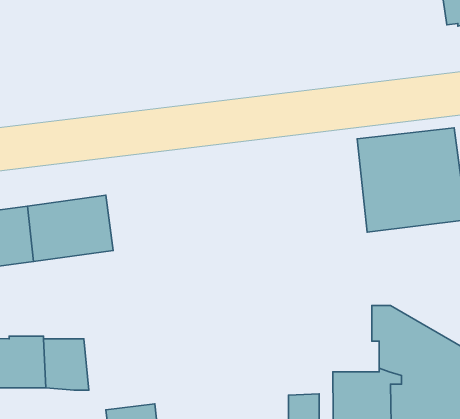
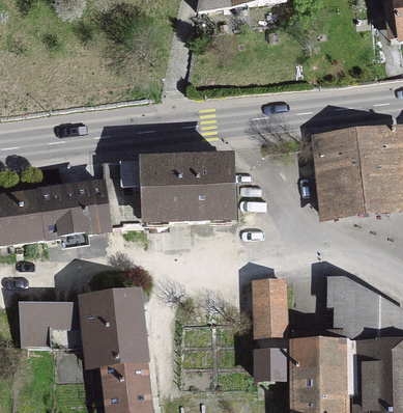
building: none -> [103,160,232,230]
building: none -> [254,281,286,335]
building: none -> [83,294,144,366]

